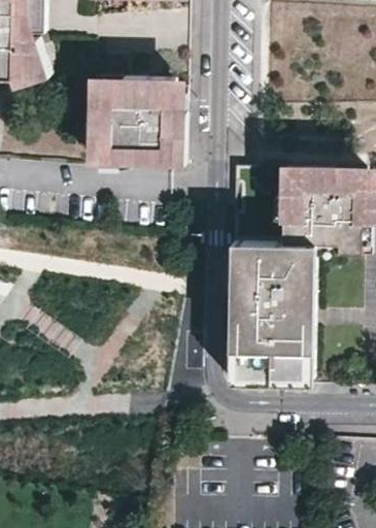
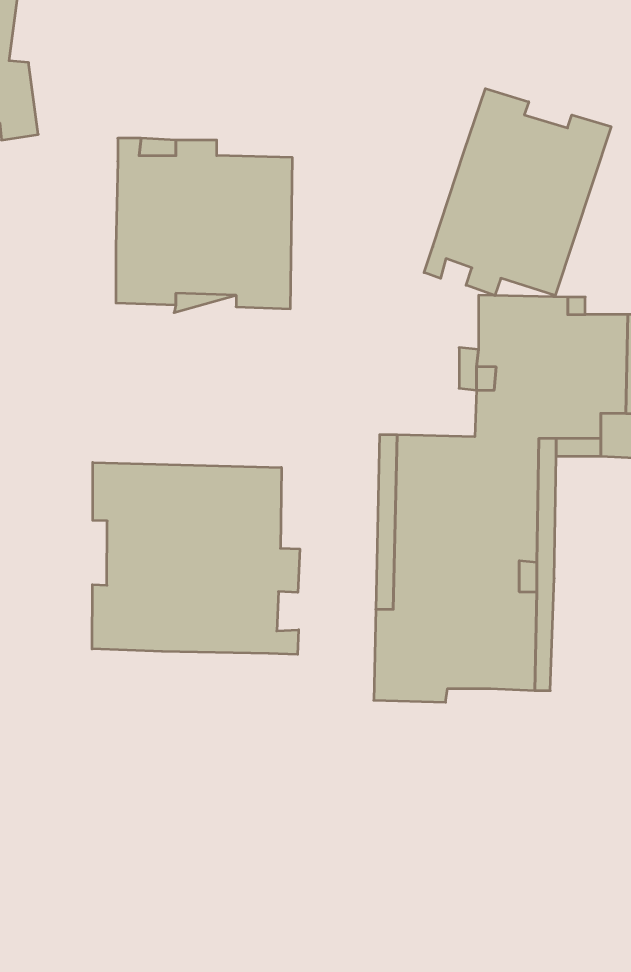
building: none -> [424,89,611,296]
building: none -> [92,462,300,654]

